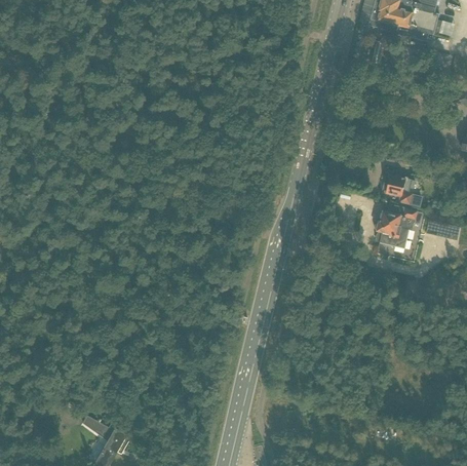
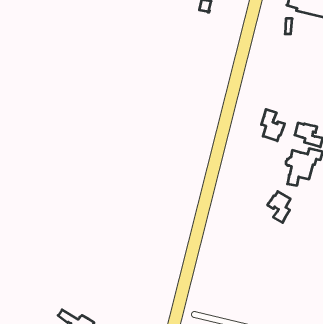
building: none -> [261,109,285,141]
building: none -> [268,191,290,223]

